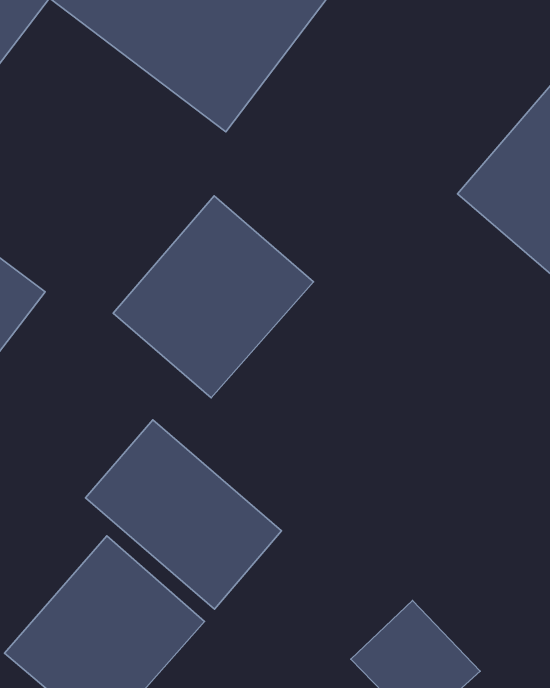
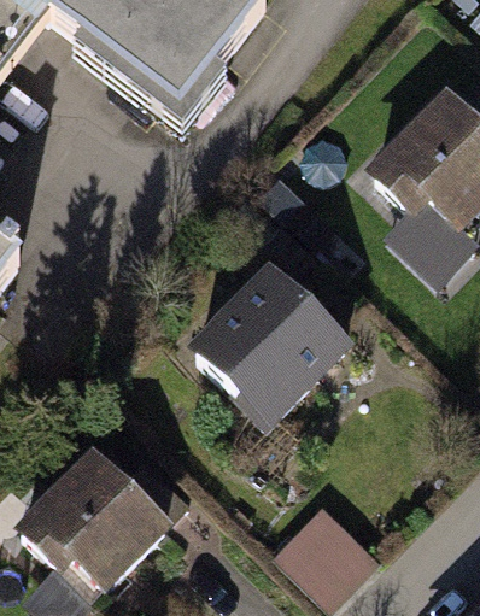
building: [113,196,314,398] -> [188,266,349,428]
building: [86,420,282,609] -> none

